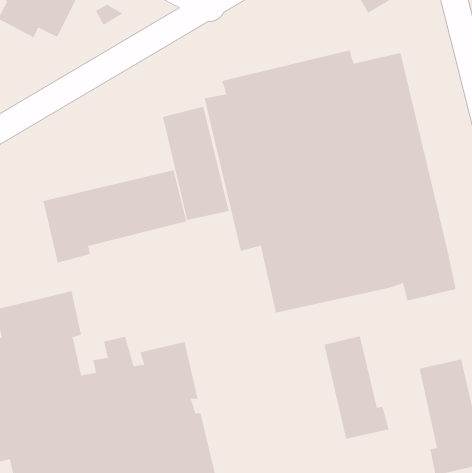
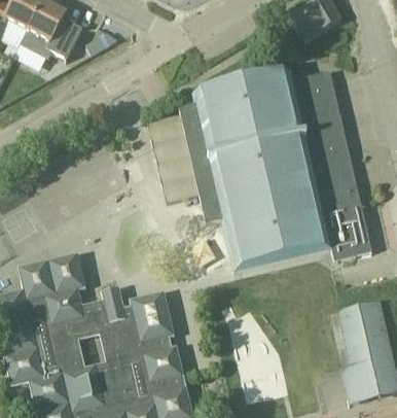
building: [43,169,187,263] -> none
building: [324,335,389,440] -> none

